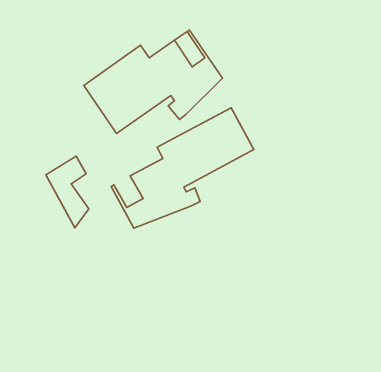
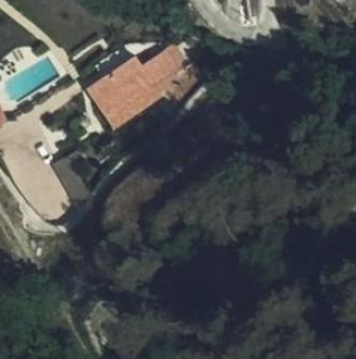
building: [111,108,254,228] -> none

